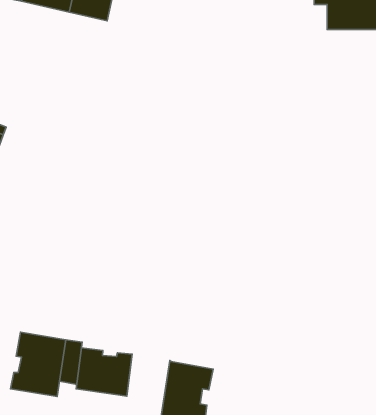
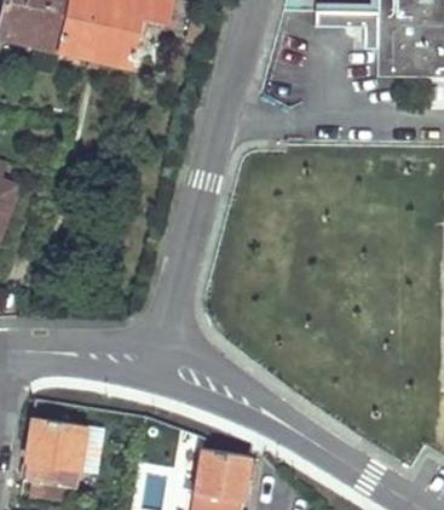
building: [76,348,132,396] -> none

